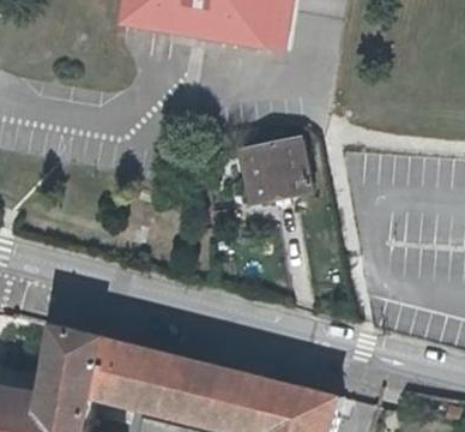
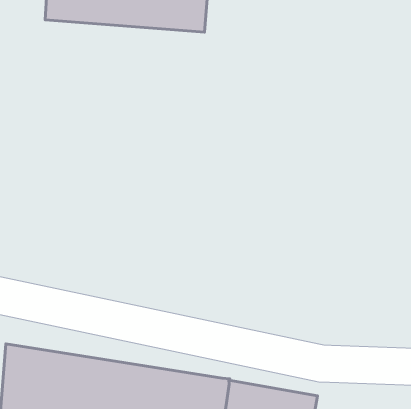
building: [242,142,309,202] -> none

